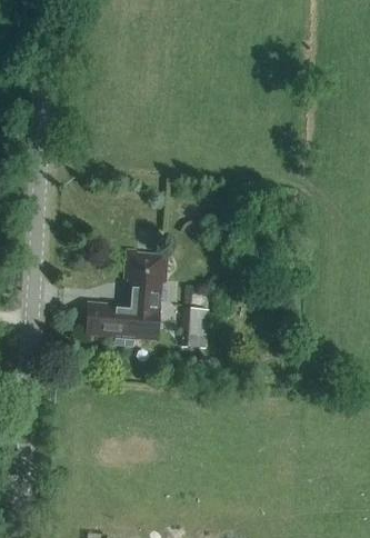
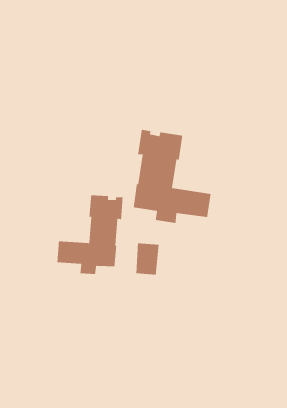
building: none -> [133,129,211,224]

